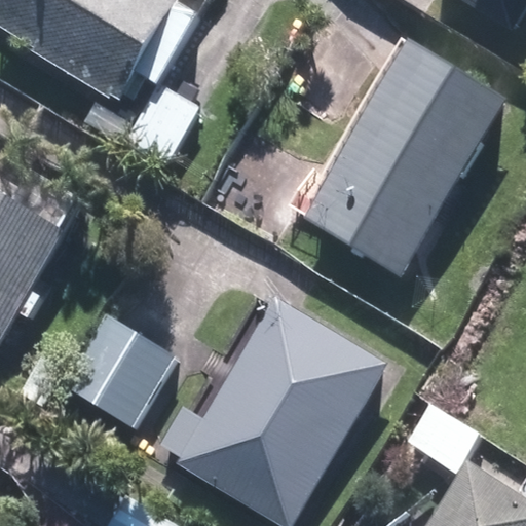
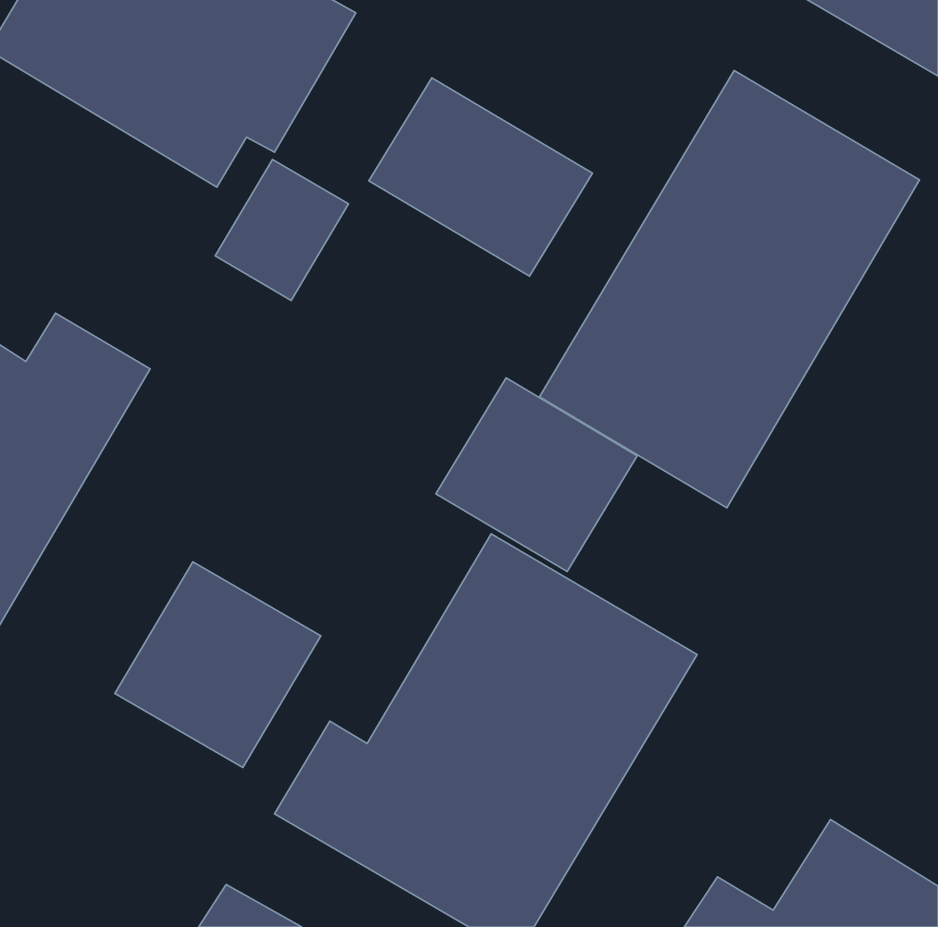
building: none -> [369,78,593,276]
building: none -> [436,378,637,572]

